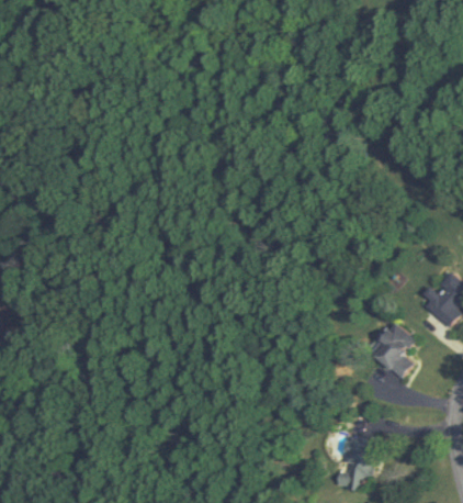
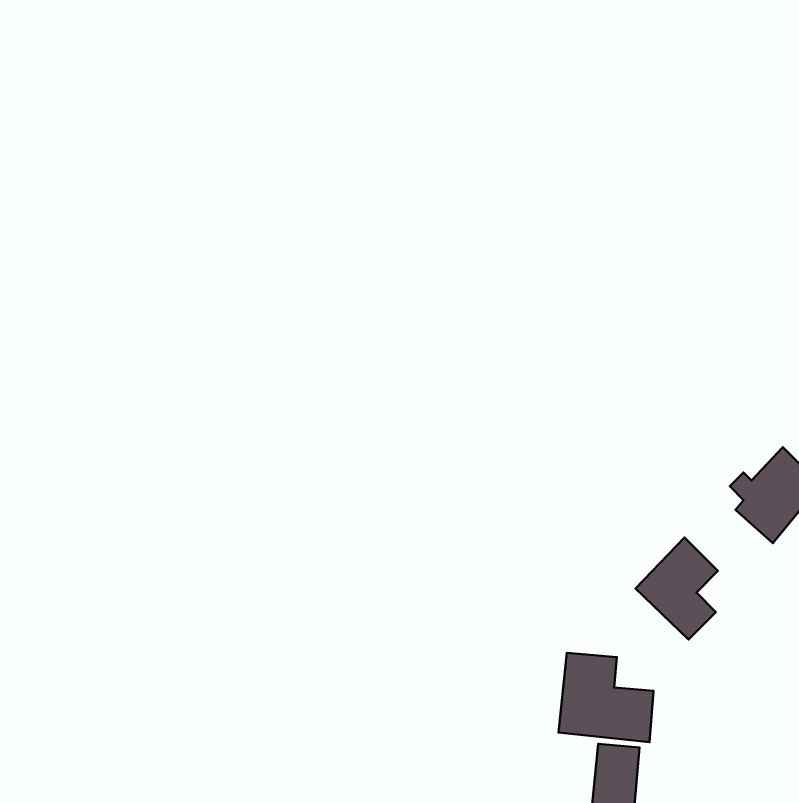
building: none -> [558,653,654,742]

